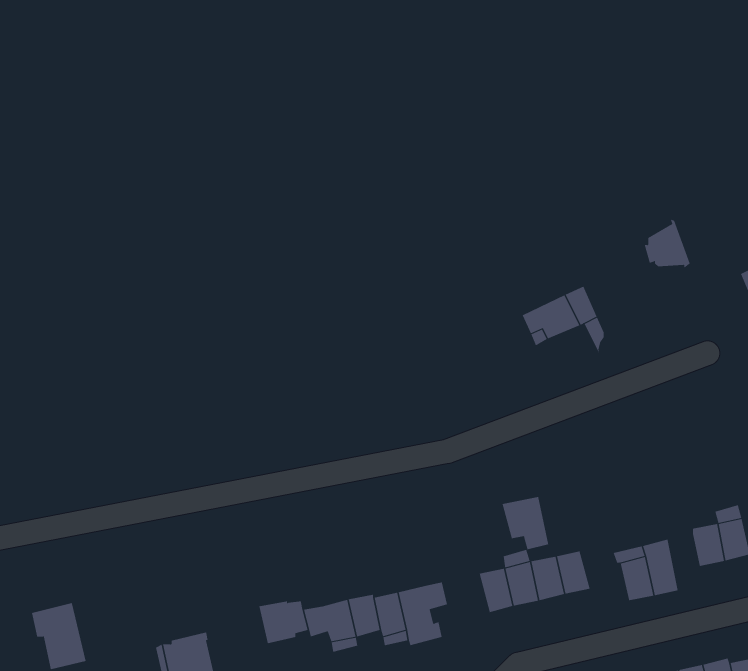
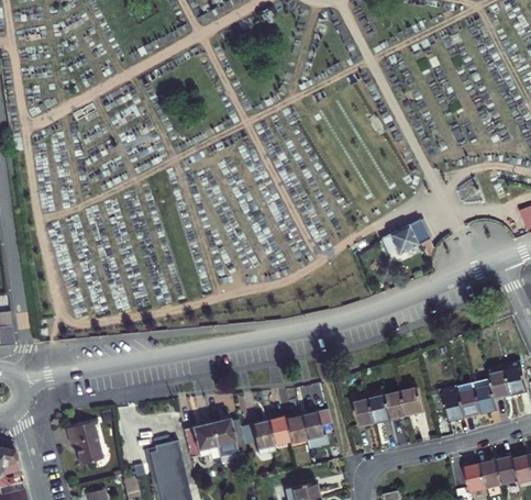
building: [502,496,549,550] -> none
building: none -> [474,377,497,413]
building: none -> [186,423,218,453]

